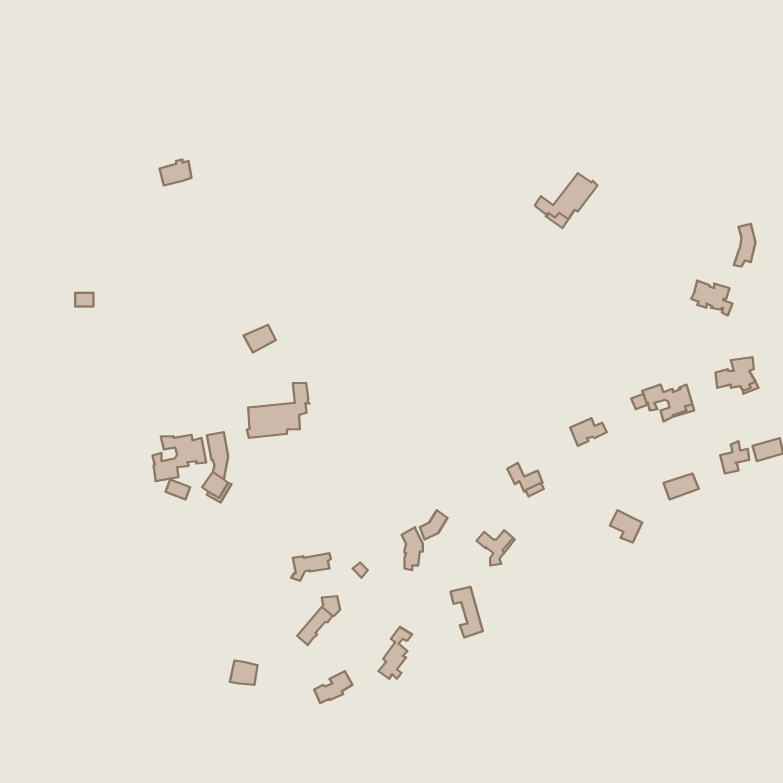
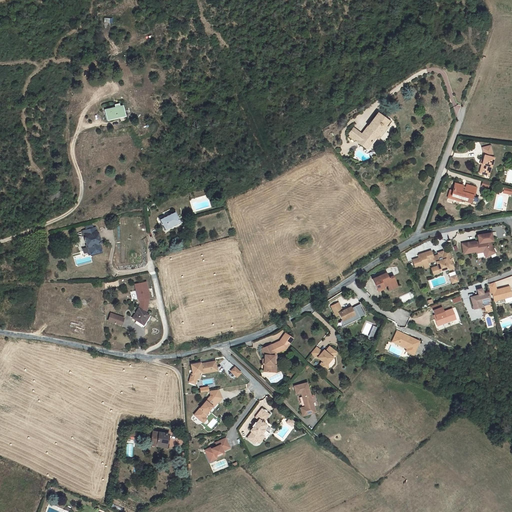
building: none -> [82,227,103,256]
building: [247,383,309,438] -> none
building: [152,435,206,481] -> none

